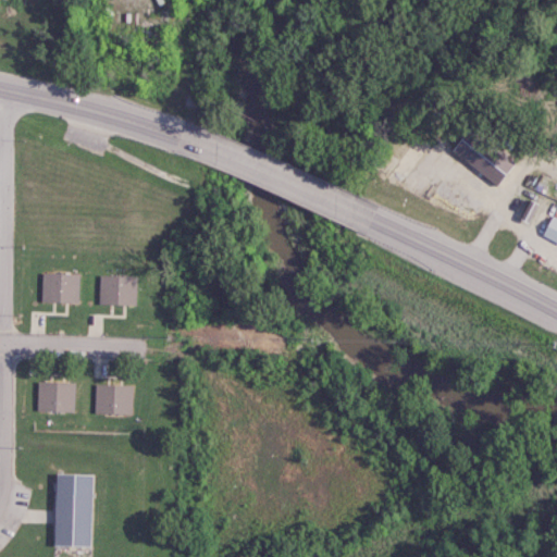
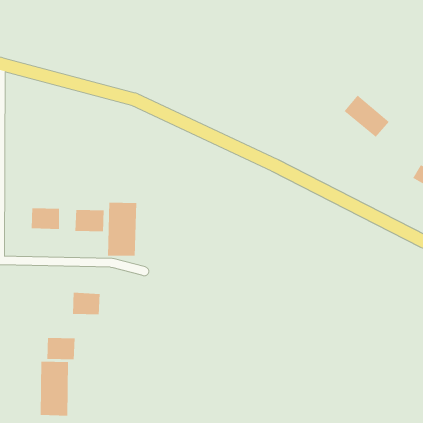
building: none -> [107,202,137,257]
building: [37,382,75,412] -> [46,337,75,360]

